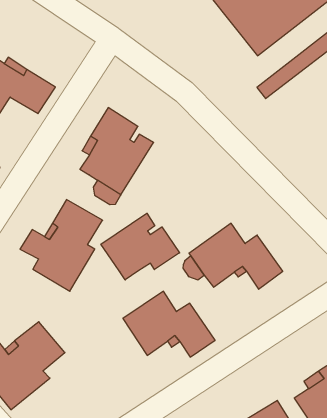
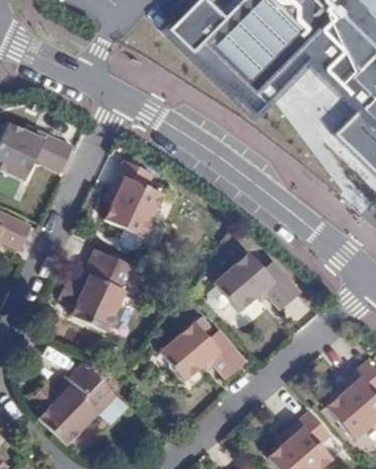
building: [101,213,180,280] -> none

